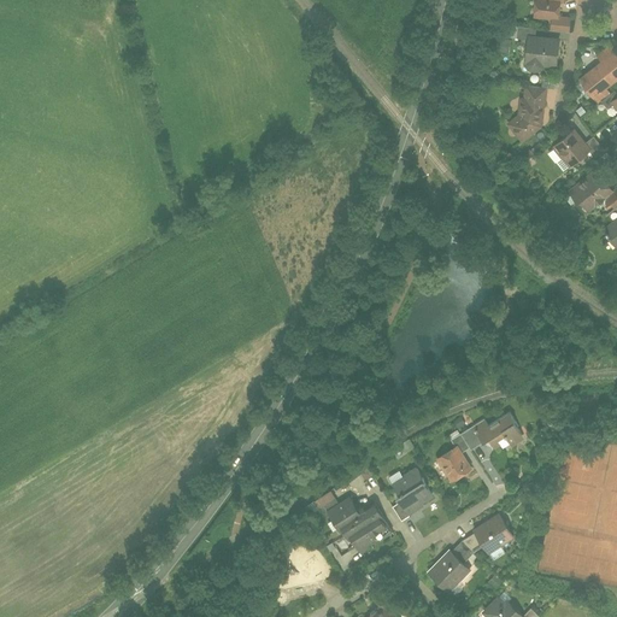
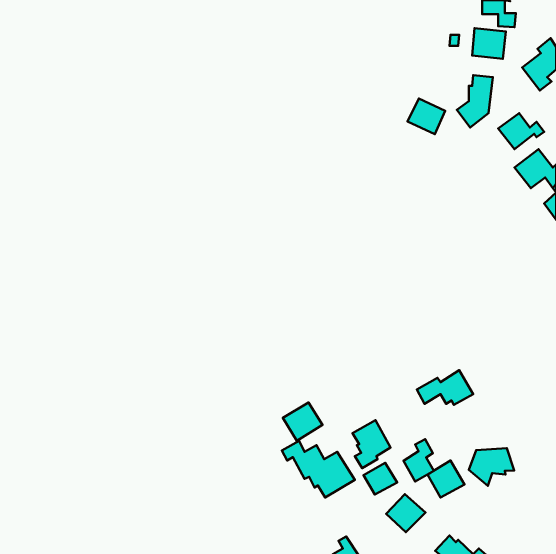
building: none -> [407,99,445,134]
building: [437,434,471,481] -> [403,439,434,482]
building: none -> [283,403,322,441]
building: none -> [469,448,514,486]
building: none -> [364,463,397,495]

